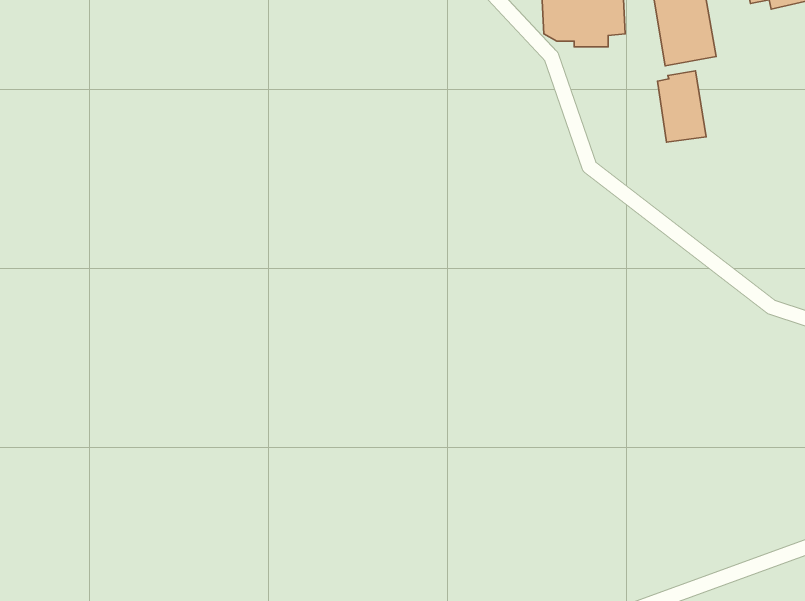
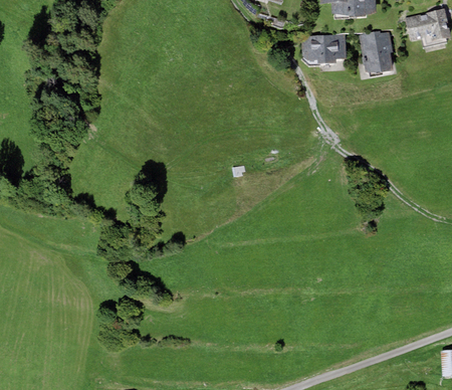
building: [657,71,706,142] -> none

